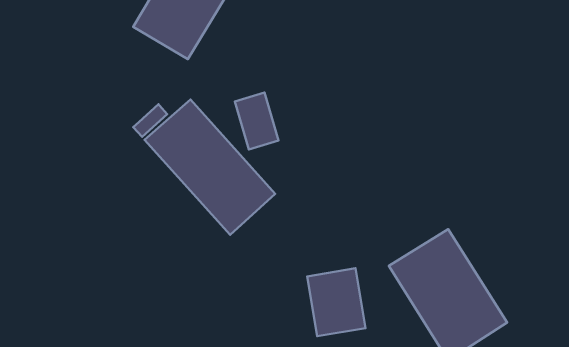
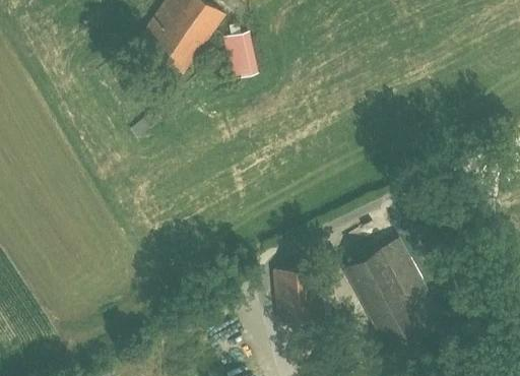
building: [235,93,278,150] -> [222,32,258,80]
building: [144,100,275,235] -> none

